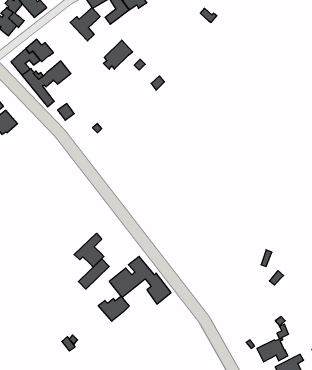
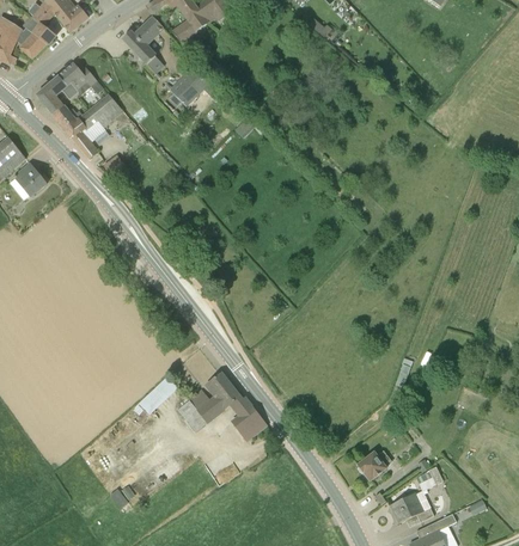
building: [74,233,104,267] -> none
building: [98,296,129,321] -> none
building: none -> [356,450,391,480]

